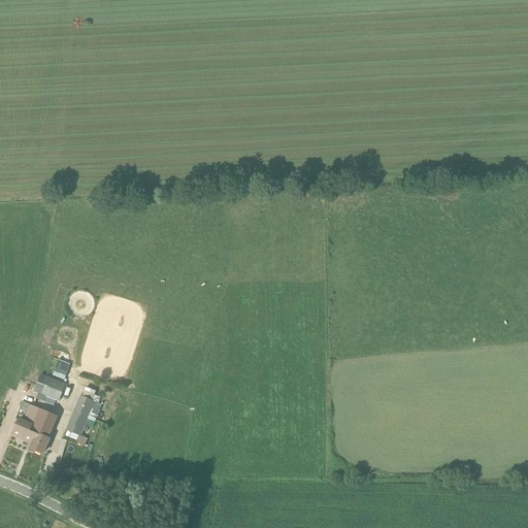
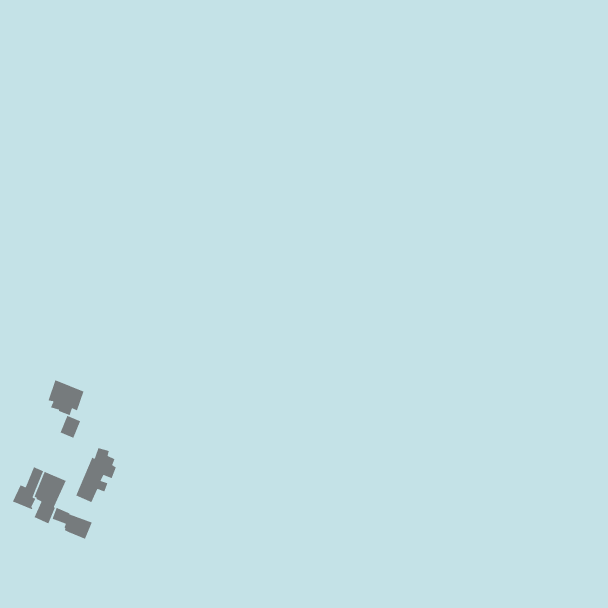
building: [33,373,65,405] -> [48,379,85,416]
building: none -> [52,507,93,540]

